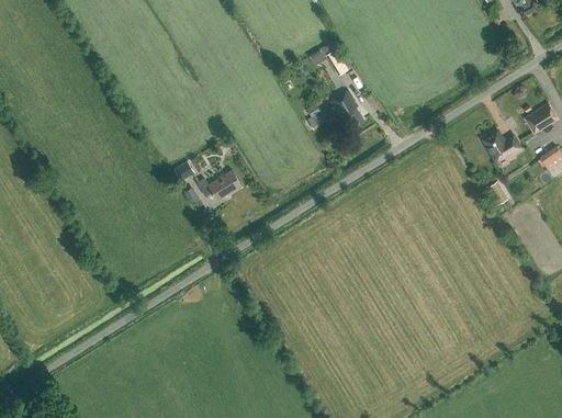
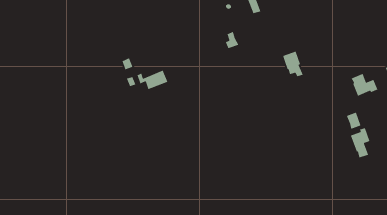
building: [330,89,363,124] -> [282,51,304,77]
building: none -> [350,127,370,159]

